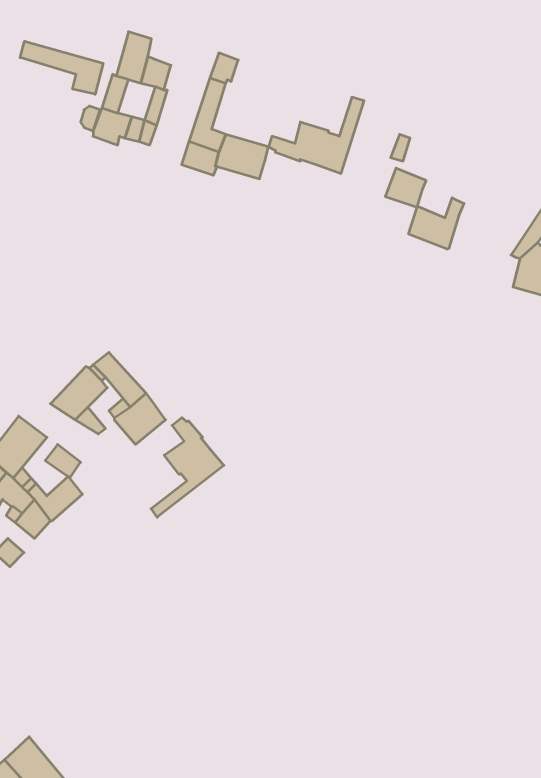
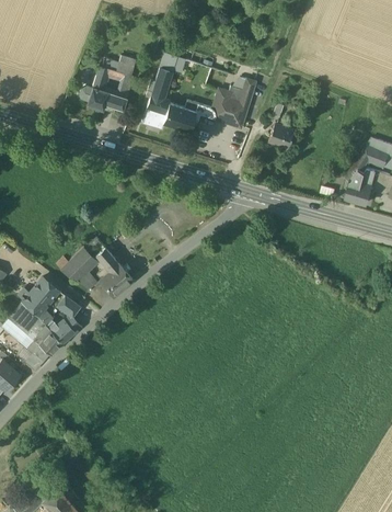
building: [20,41,103,94] -> none
building: [409,198,464,249] -> none
building: [151,418,224,517] -> none

